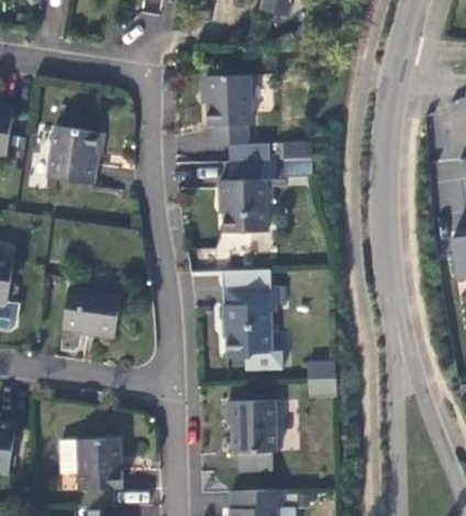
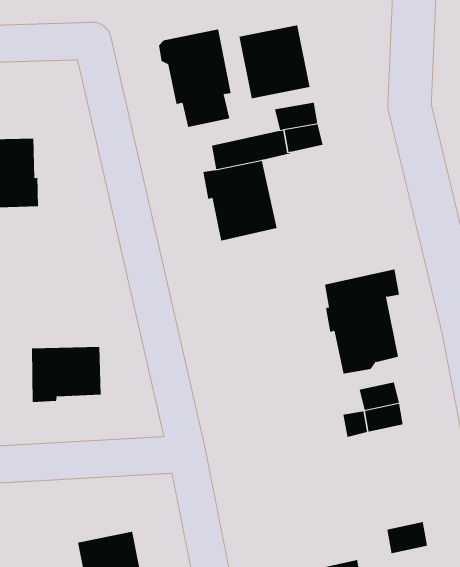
building: none -> [239,25,310,99]
building: [223,286,280,358] -> [324,269,400,374]
building: [226,399,278,471] -> none

